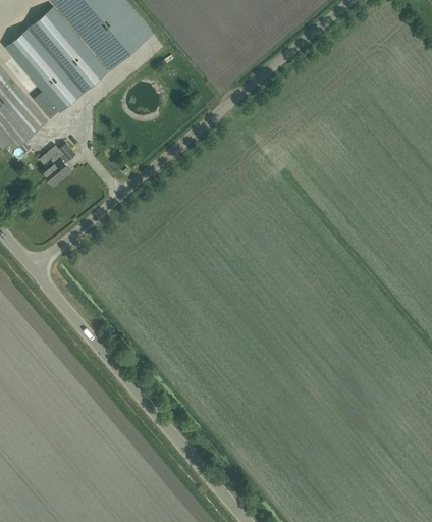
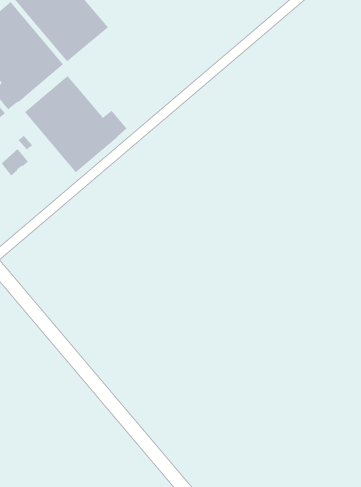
building: none -> [24,75,127,173]

